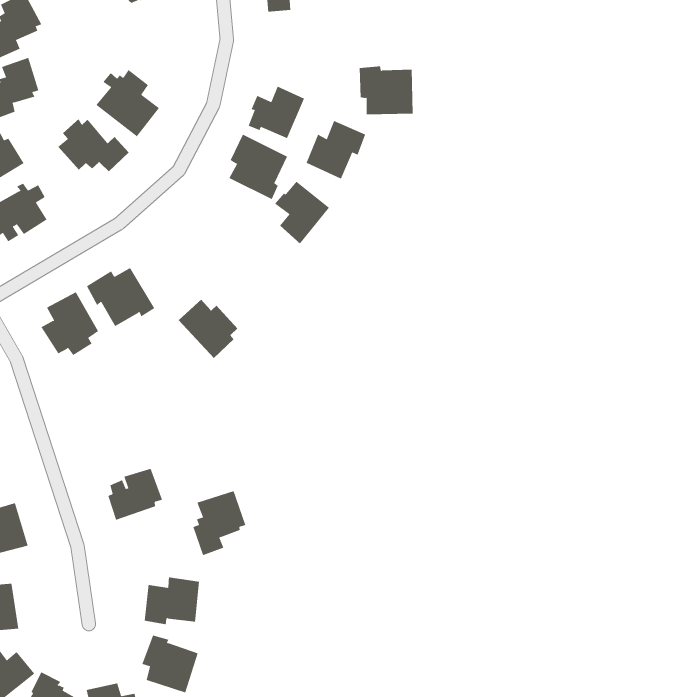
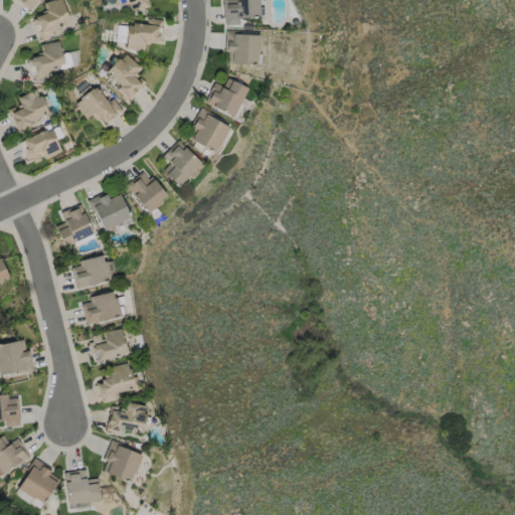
building: none -> [119,21,167,54]
building: [359,66,413,115] -> [228,33,266,67]
building: [306,120,366,179] -> none
building: [274,181,330,245] -> [164,142,201,185]
building: [178,299,238,359] -> [127,172,167,213]
building: none -> [71,253,112,290]
building: none -> [82,291,126,326]
building: [193,490,246,556] -> [99,362,135,404]

